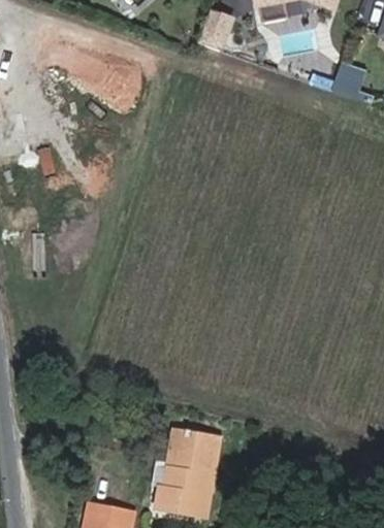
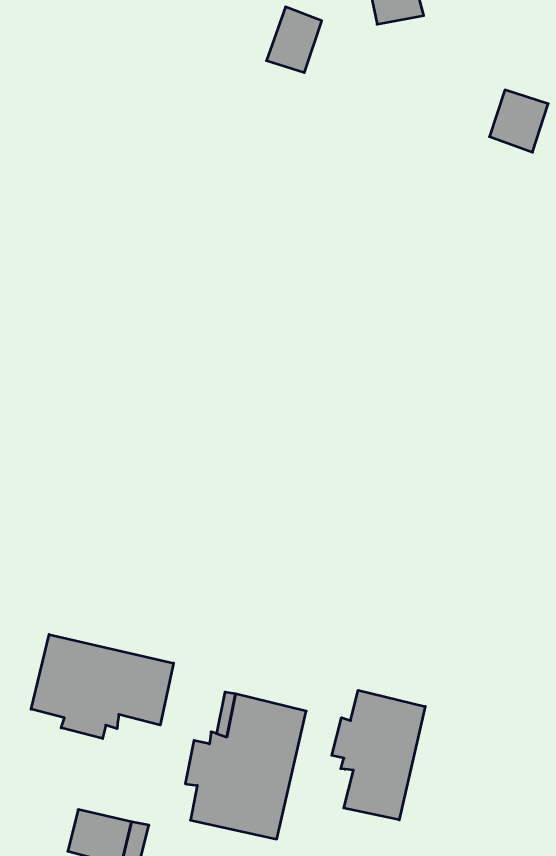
building: none -> [31,634,174,739]
building: none -> [332,690,425,820]

